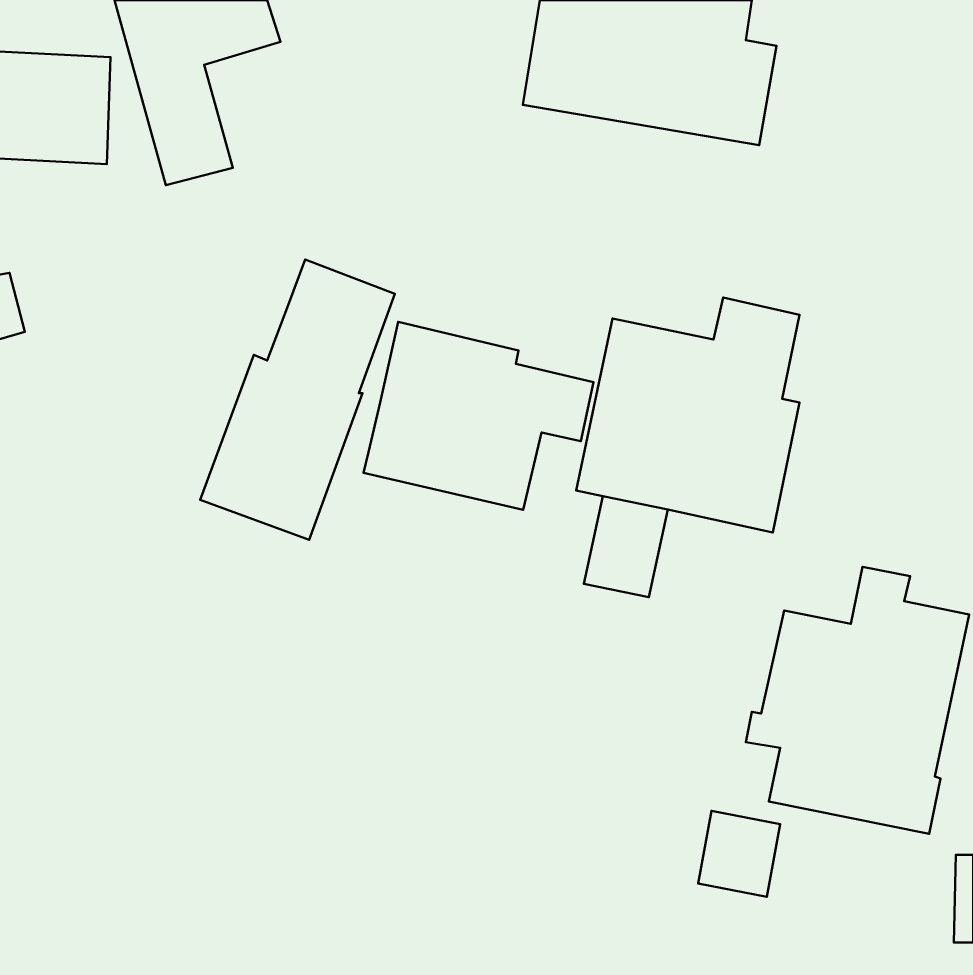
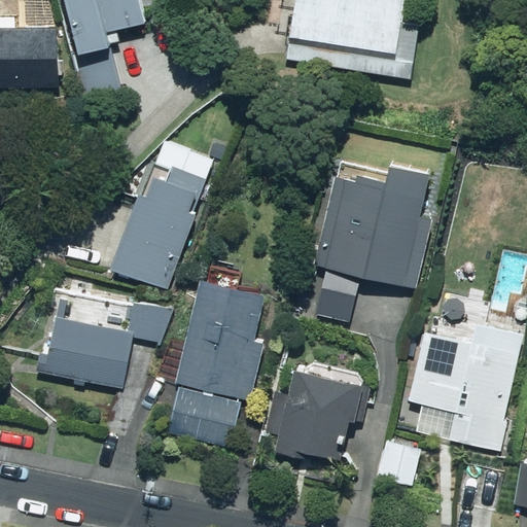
building: [364,322,593,510] -> none
building: none -> [168,278,266,449]
building: none -> [45,300,170,386]
building: none -> [262,368,363,458]

